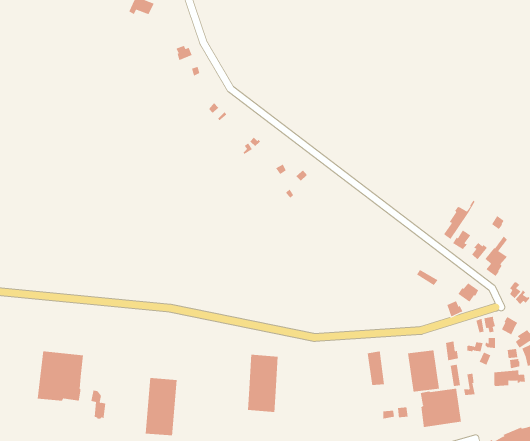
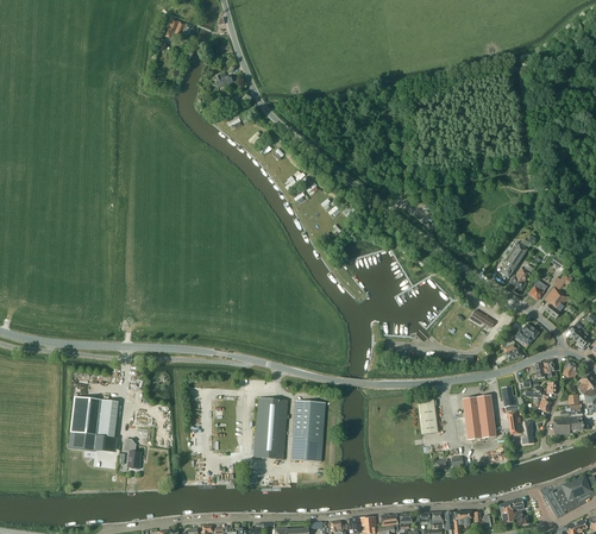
building: [145,378,177,436] -> [253,397,288,459]
building: [420,388,461,428] -> none

